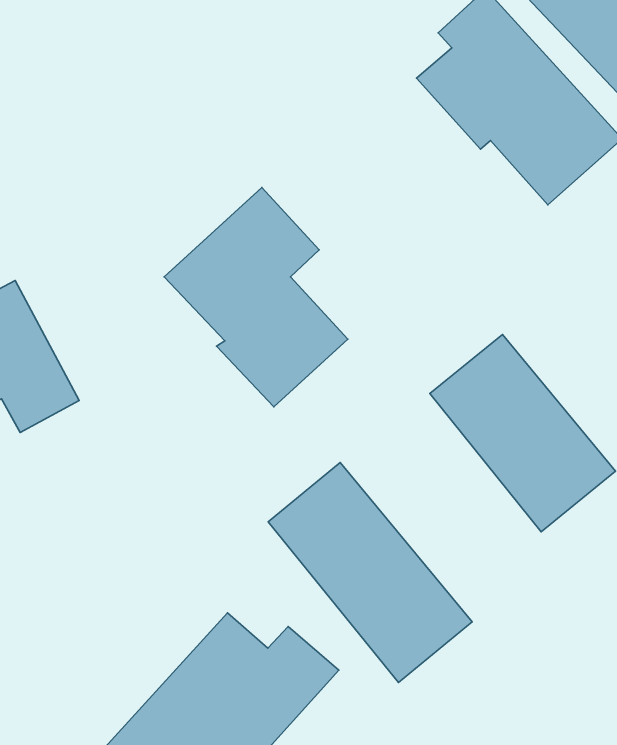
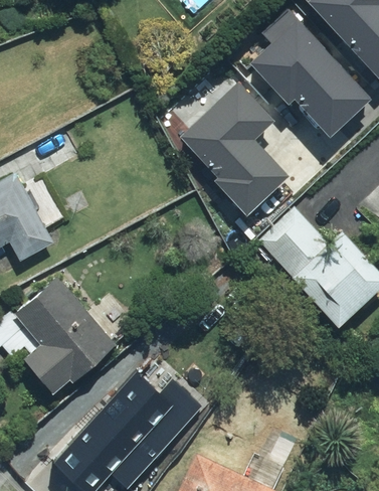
building: [164,187,348,407] -> [181,79,291,210]
building: none -> [15,282,117,398]
building: [268,463,472,682] -> none

